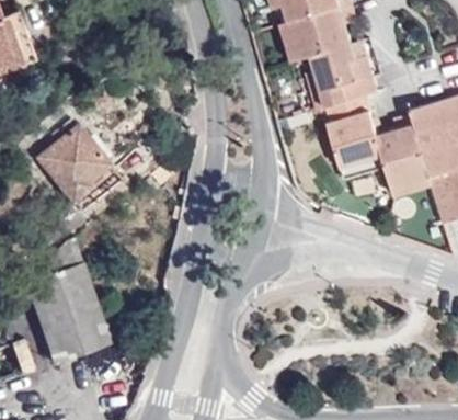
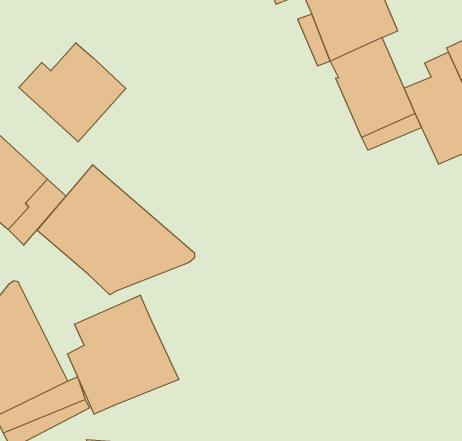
building: none -> [19,43,126,142]
building: none -> [37,165,194,295]
building: none -> [68,295,179,414]

